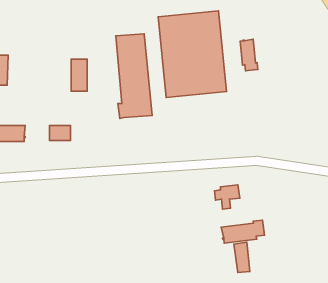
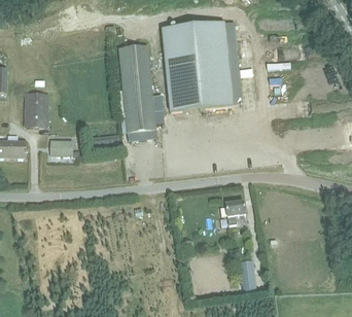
building: [240,39,258,71] -> none
building: [71,59,87,91] -> [31,93,47,126]
building: [221,220,264,243] -> none

